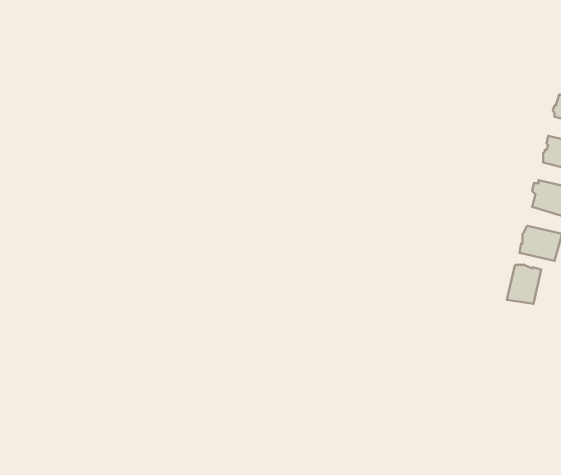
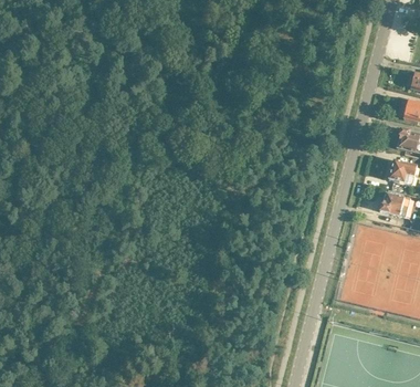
building: [507,264,541,304] -> none

